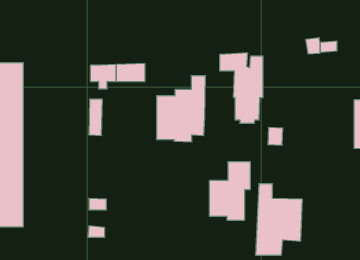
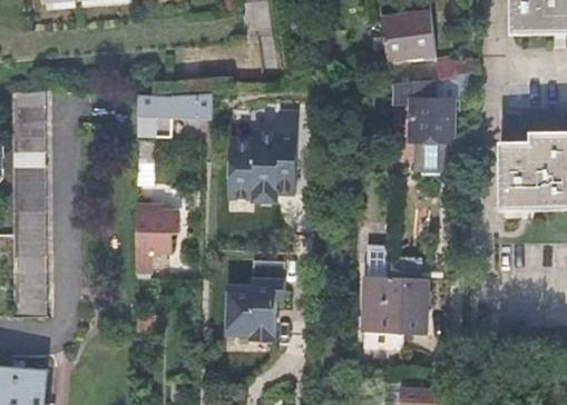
building: none -> [381,12,436,61]
building: [220,53,263,123] -> [394,80,454,177]
building: none -> [136,213,178,269]
building: [209,162,250,220] -> [228,259,285,339]

